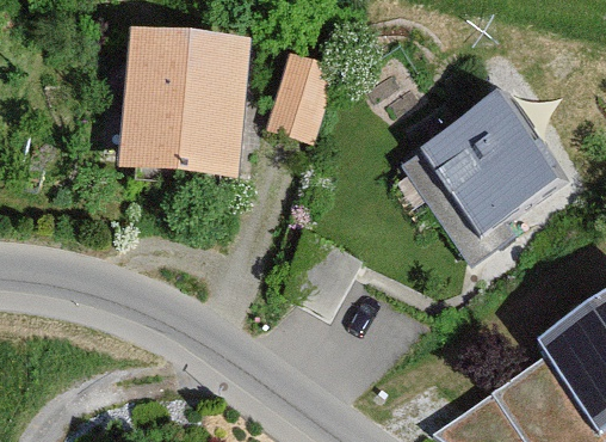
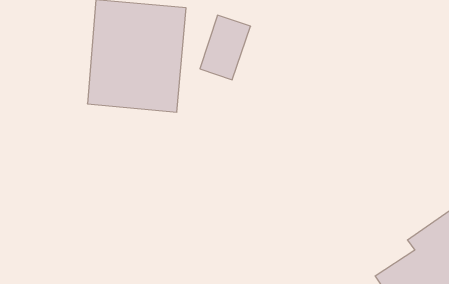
building: [422,90,570,237] -> none

